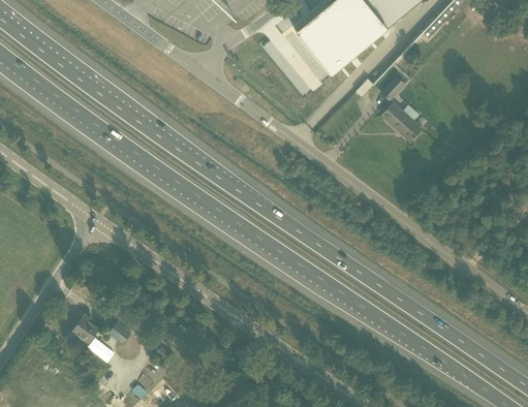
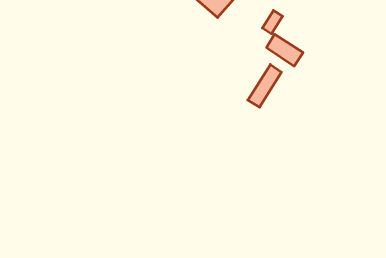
building: none -> [248,64,281,107]

